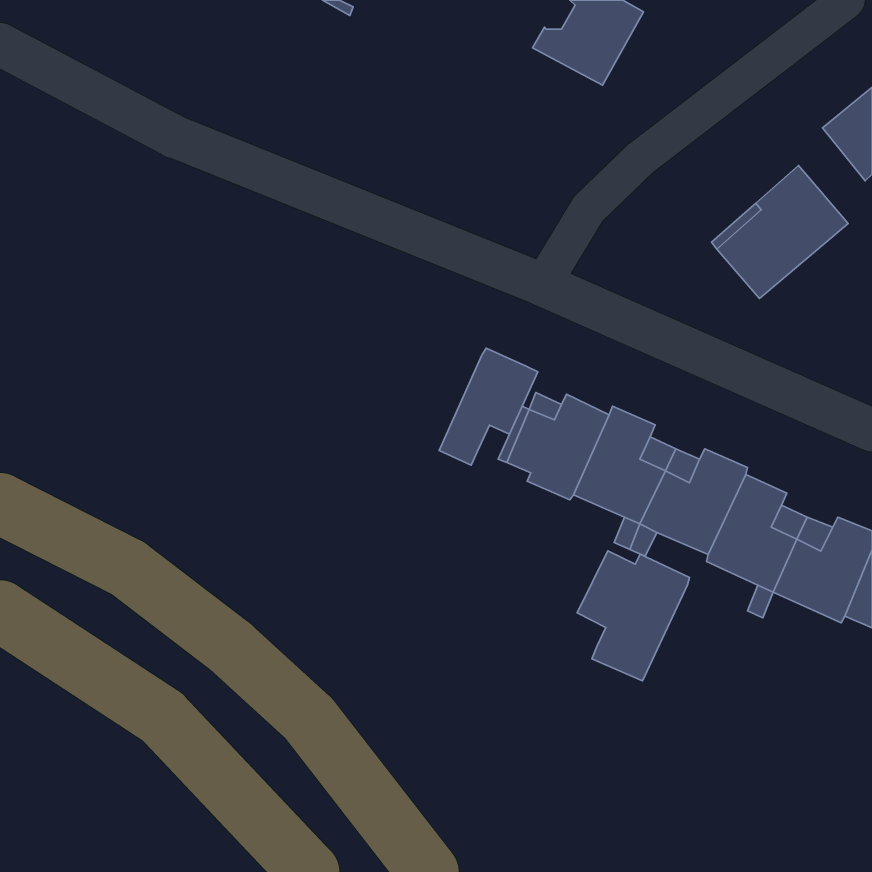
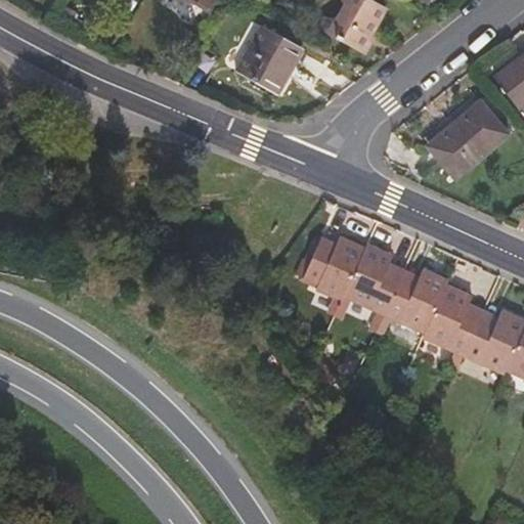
building: none -> [237,27,302,93]
building: [439,348,538,465] -> none
building: [577,551,689,681] -> none

